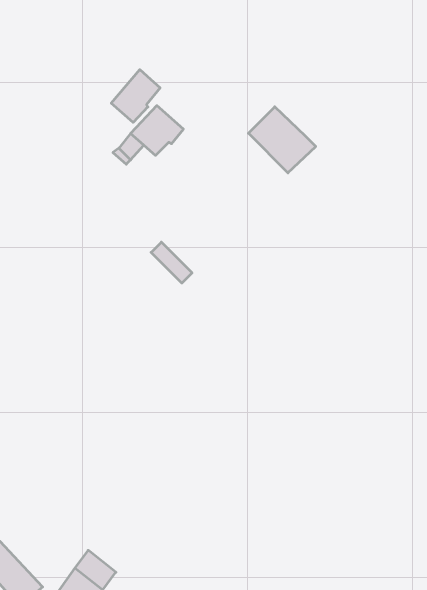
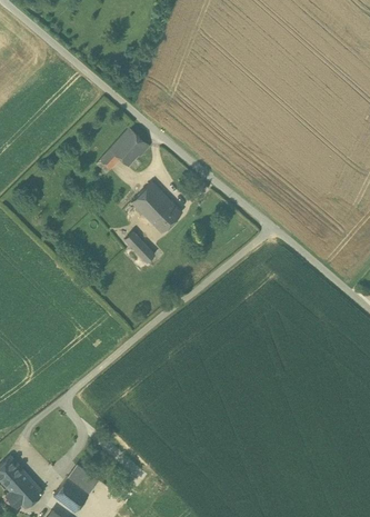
building: [111,70,160,122] -> none
building: [248,107,316,173] -> [131,182,182,232]

